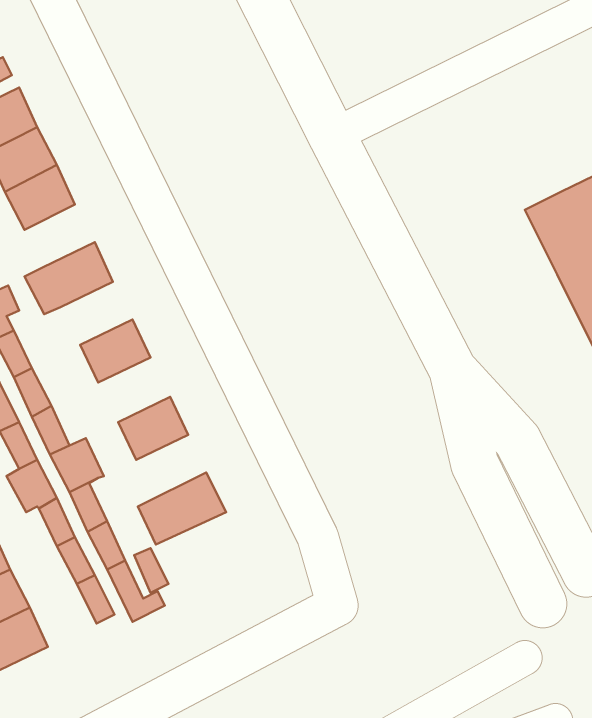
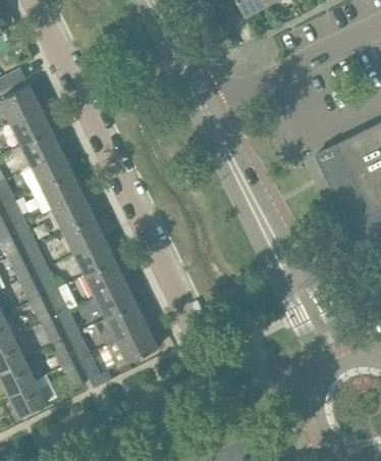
building: none -> [32,151,71,187]
building: none -> [52,195,93,231]
building: none -> [73,238,114,274]
building: none -> [95,281,134,317]
building: none -> [106,325,156,373]

